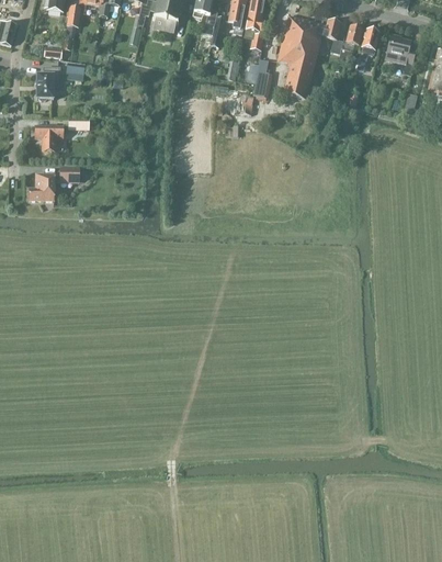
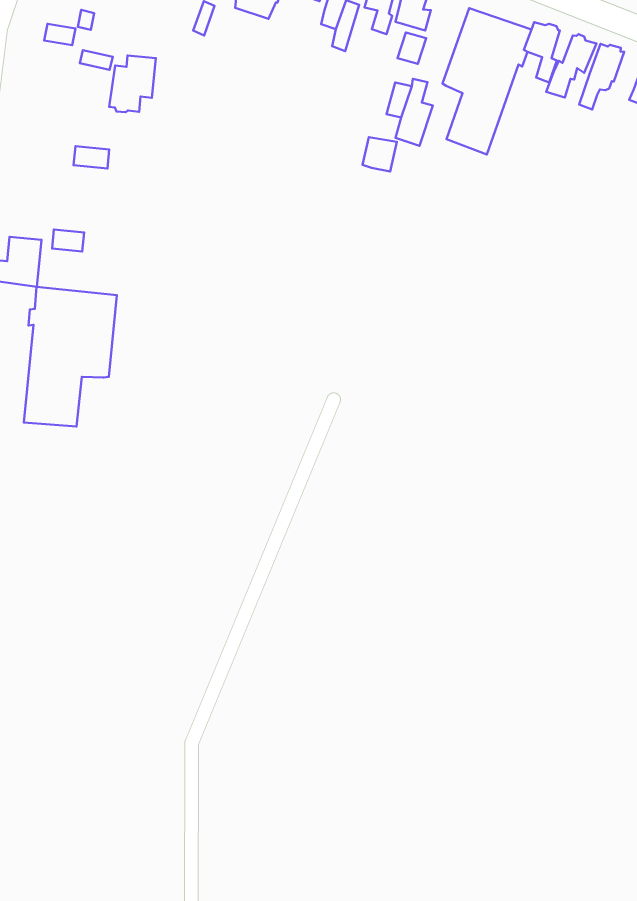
building: [36,66,60,99] -> [109,55,156,112]
building: [36,124,63,149] -> none
building: none -> [24,287,117,427]

